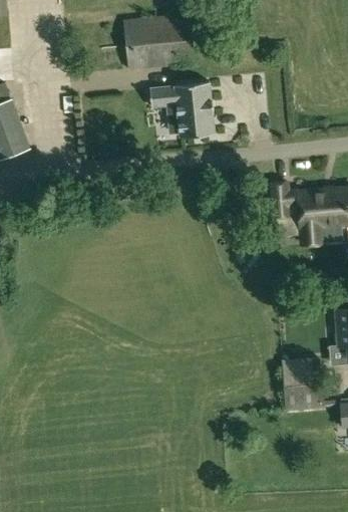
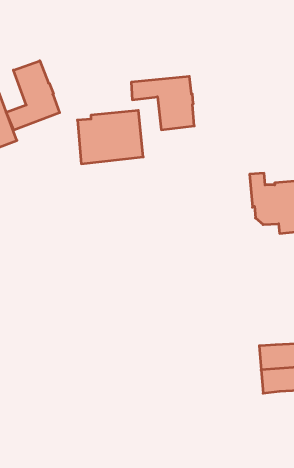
building: [124,14,193,69] -> [77,110,143,164]
building: none -> [6,61,60,130]

